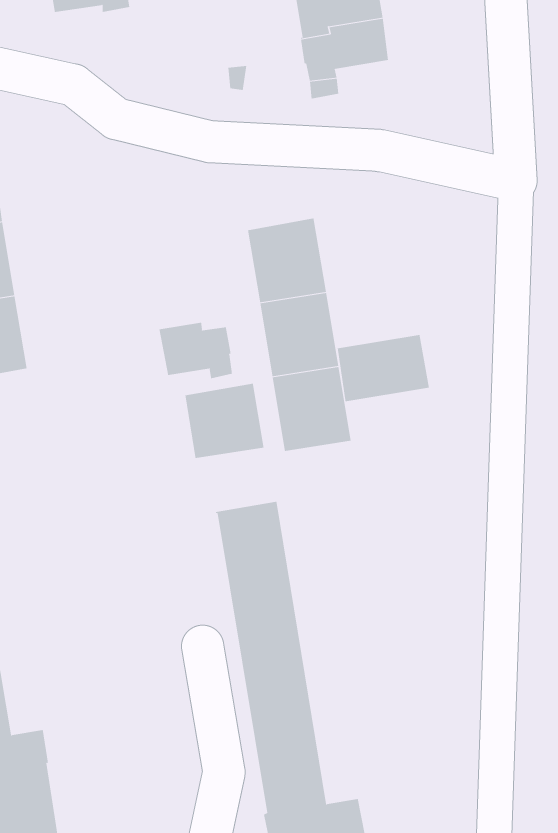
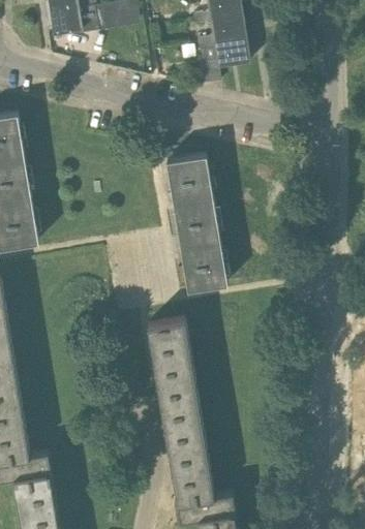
building: [159,322,233,379] -> none
building: [337,334,429,402] -> none
building: [185,383,264,459] -> none

